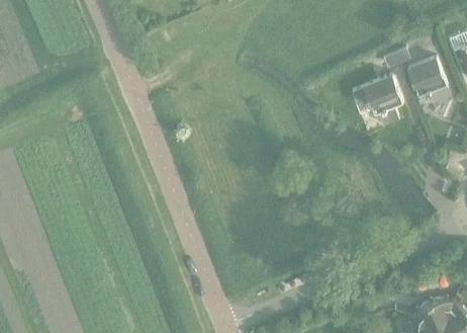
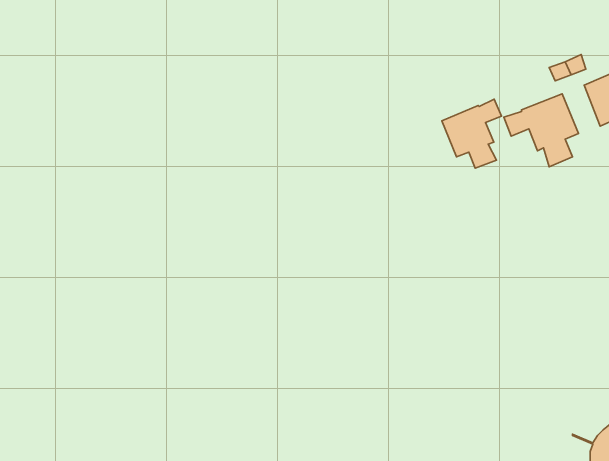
building: none -> [442,99,502,168]

